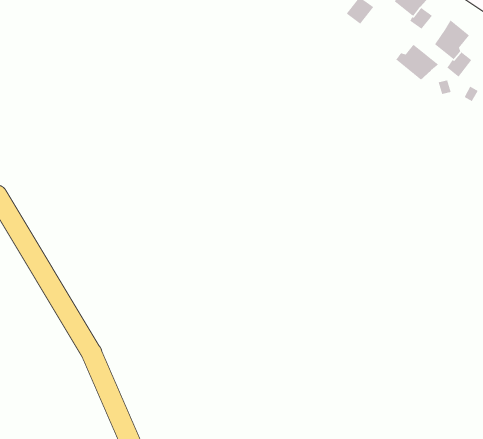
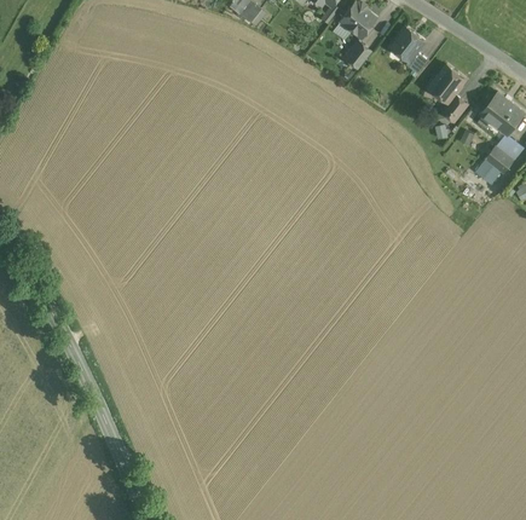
building: [395,44,439,81] -> none

